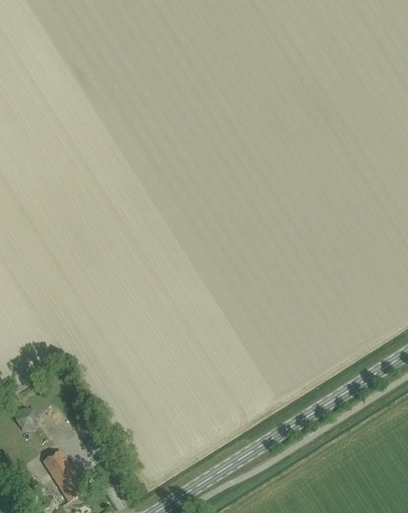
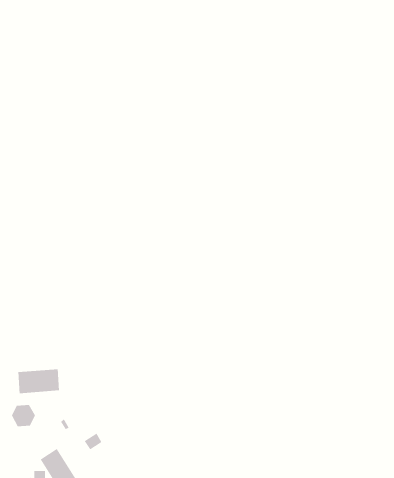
building: none -> [18,368,60,394]

